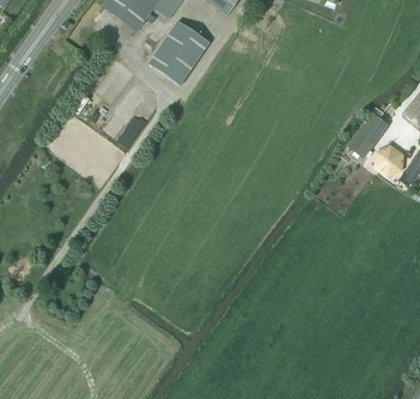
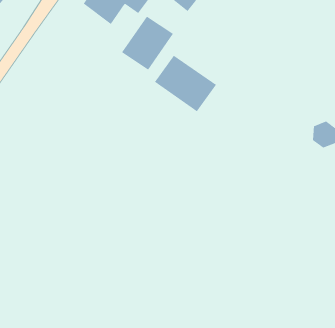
building: none -> [154,55,217,112]
building: [348,107,388,156] -> none

